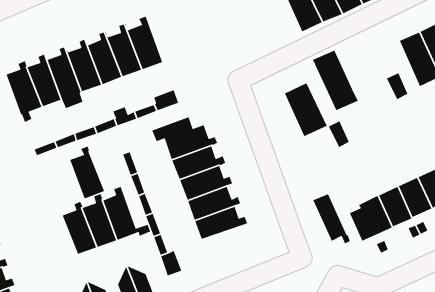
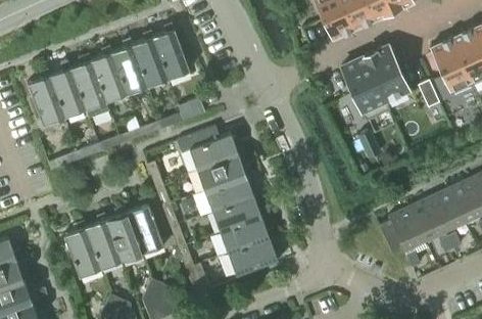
building: [284,82,328,137] -> [365,47,409,103]
building: [69,146,105,199] -> [64,222,101,277]
building: [312,193,351,244] -> none
building: none -> [228,239,284,276]

